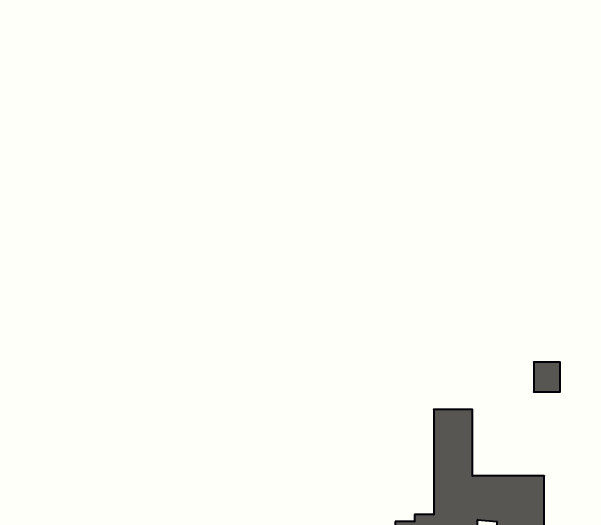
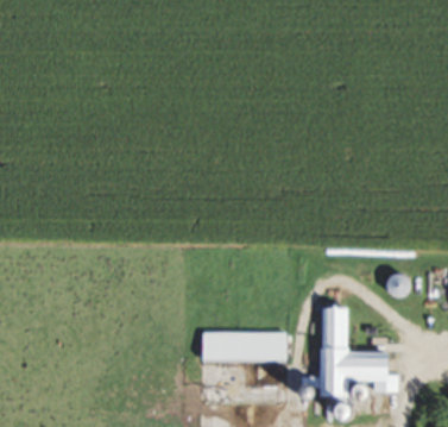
building: none -> [202,332,288,360]

